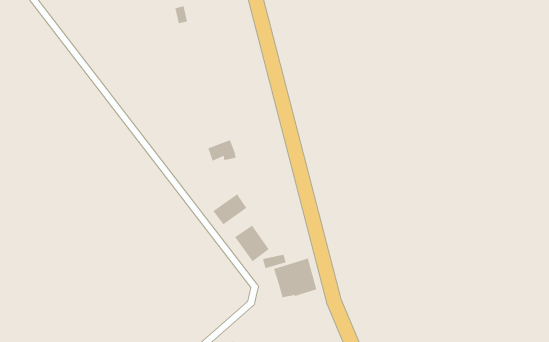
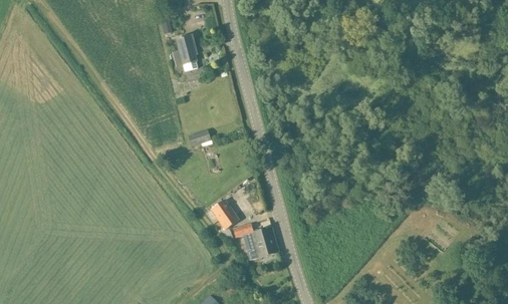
building: none -> [172,35,198,70]
building: [212,193,247,225] -> none

